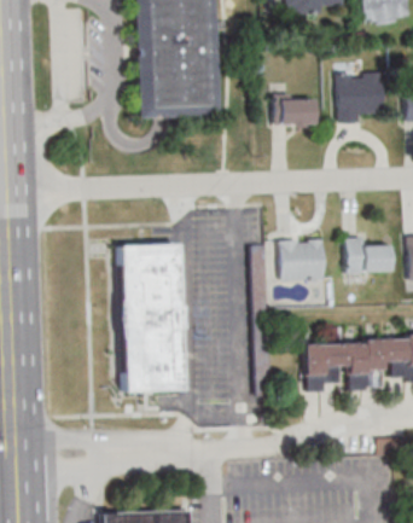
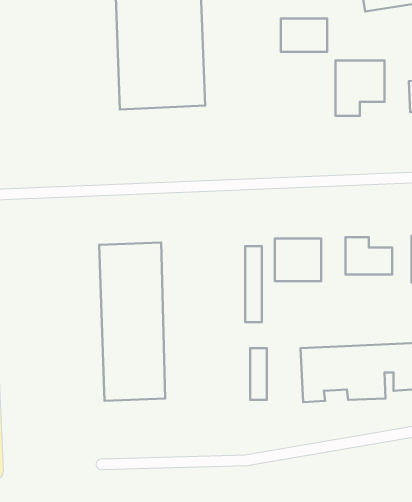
building: [274,95,318,127] -> [281,18,327,52]

